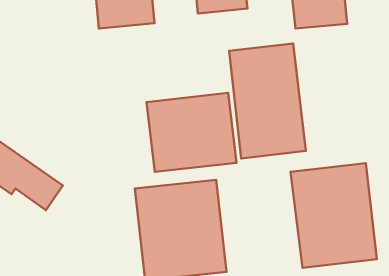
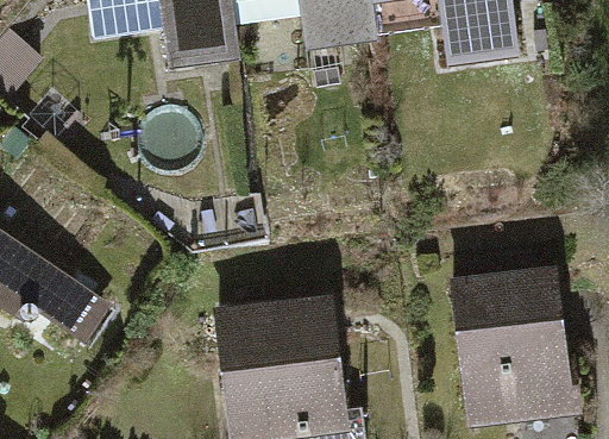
building: [229,44,306,158] -> none
building: [146,93,237,172] -> none

